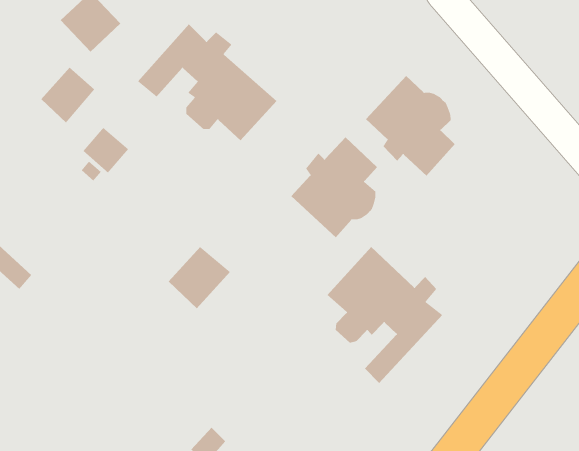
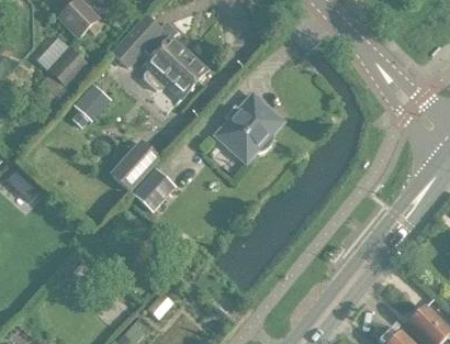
building: [365,75,456,177] -> none
building: none -> [111,141,158,190]
building: [326,246,443,384] -> none

